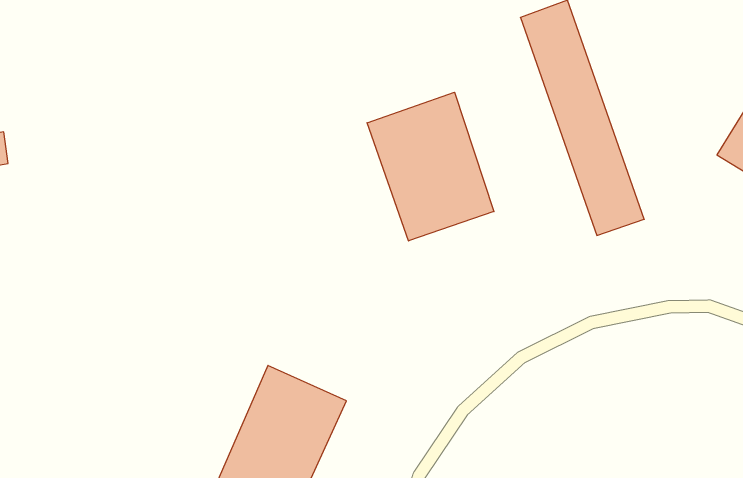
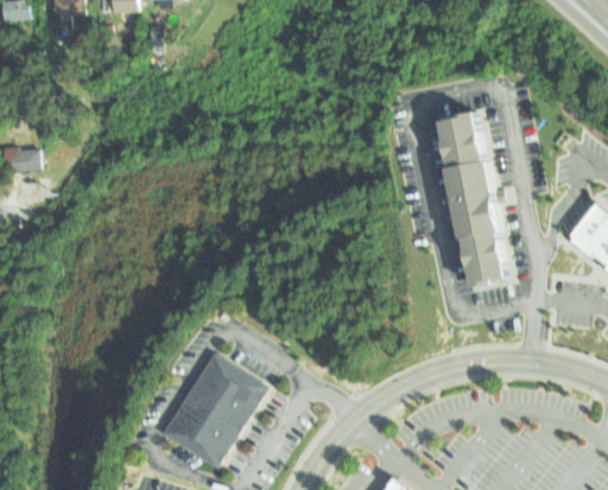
building: [367,92,494,241] -> none

